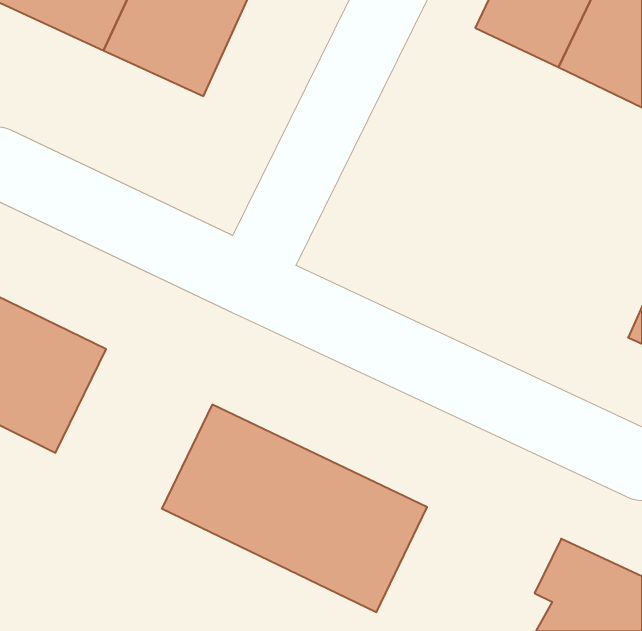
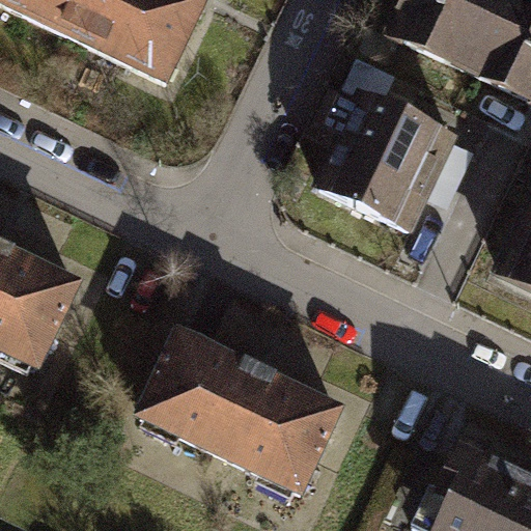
building: none -> [314,53,453,227]

